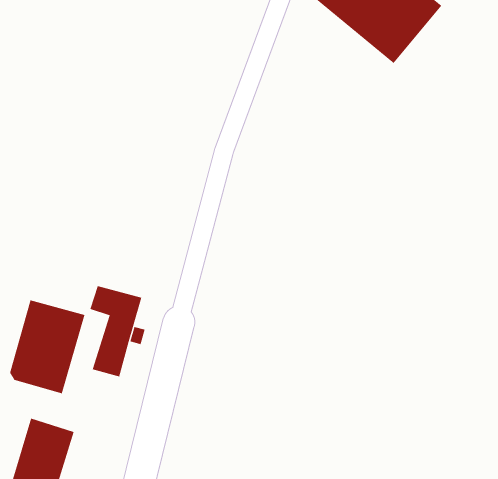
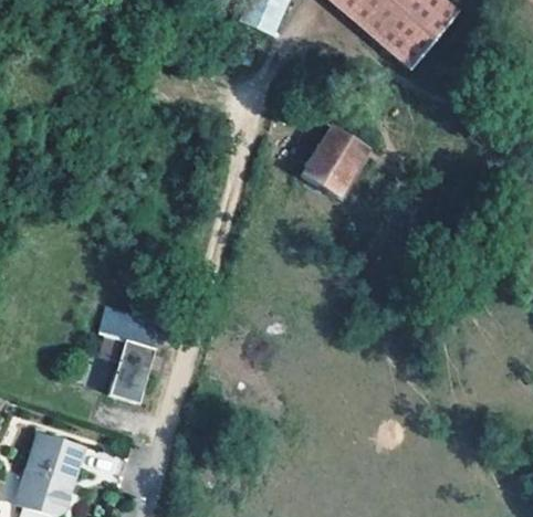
building: none -> [295,122,368,197]
building: [10,299,85,394] -> none

